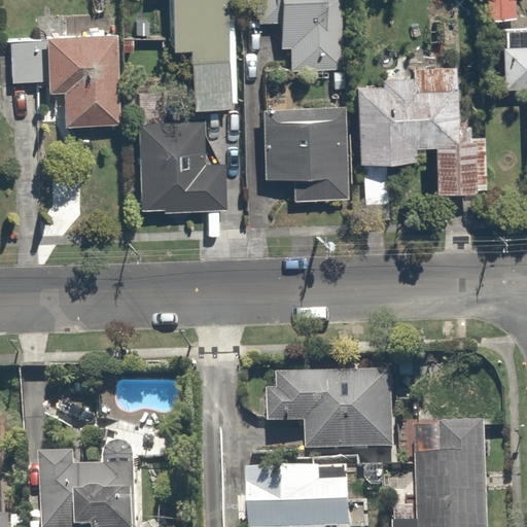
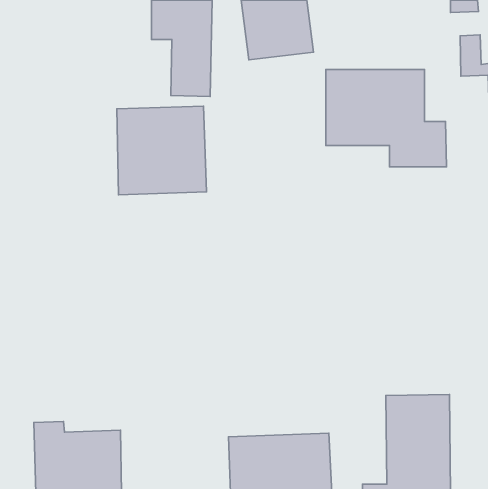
building: [38,28,119,121] -> none
building: [267,107,343,202] -> none
building: [268,373,394,454] -> none

